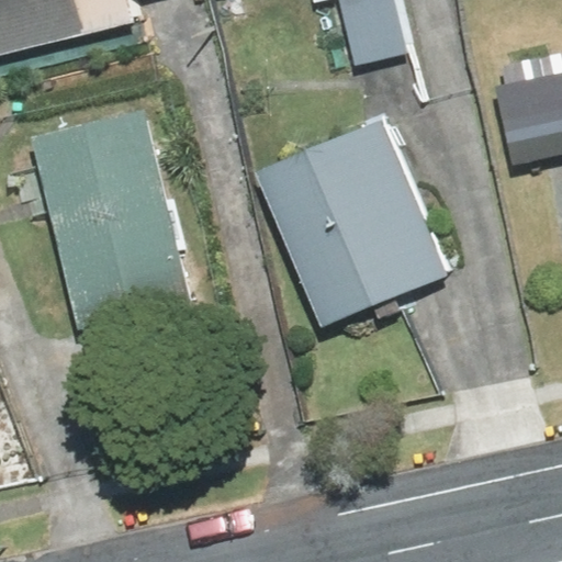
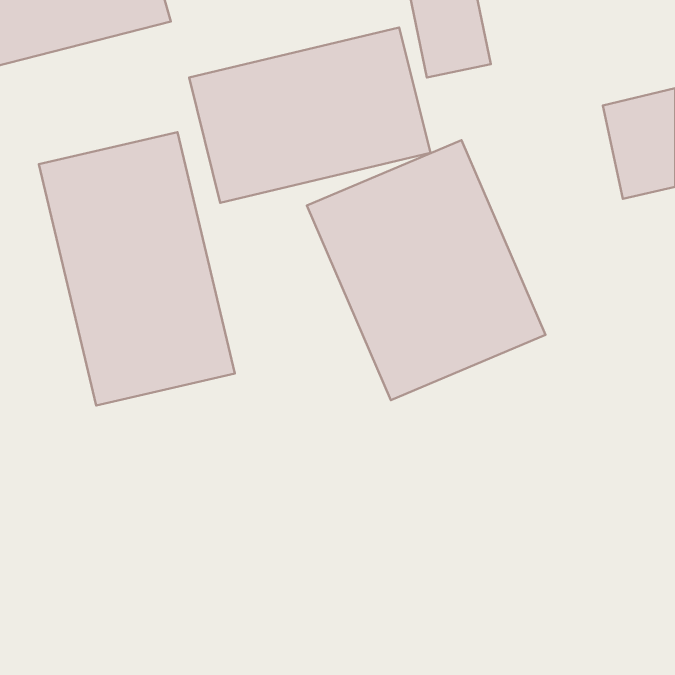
building: none -> [189,27,430,203]

